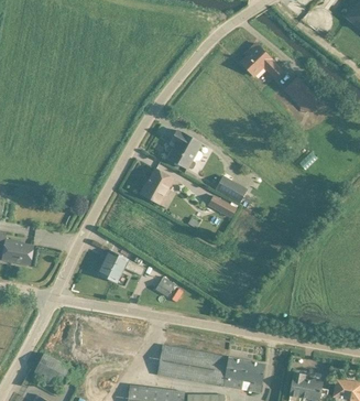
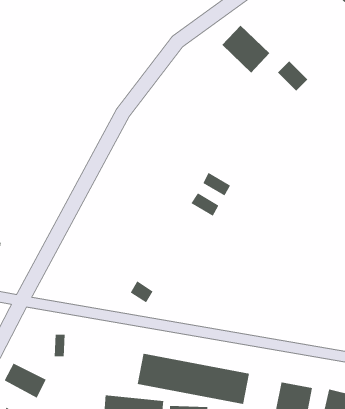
building: [165,133,200,170] -> none
building: [138,167,174,206] -> none
building: [98,250,145,282] -> none

